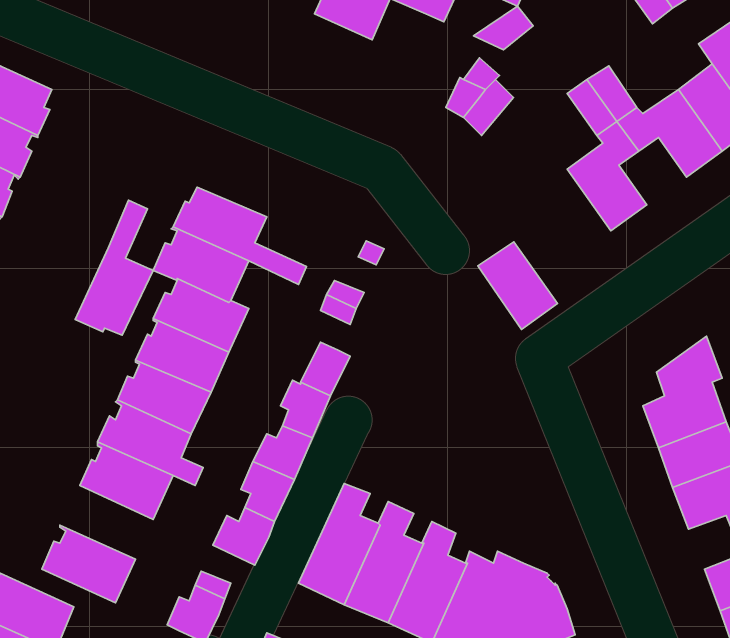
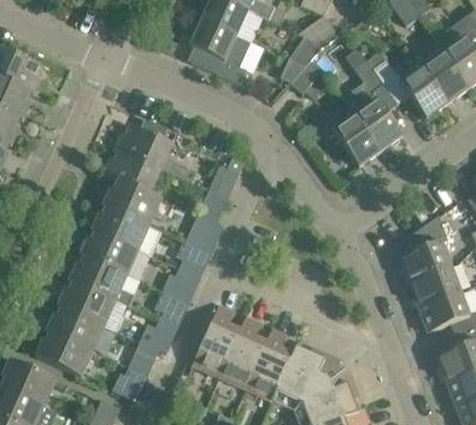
building: none -> [190,19,251,83]
building: [75,200,153,335] -> none
building: [478,242,557,330] -> [333,113,381,166]
building: none -> [47,305,104,349]

